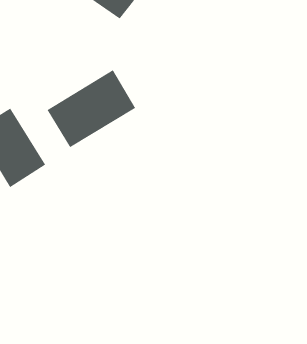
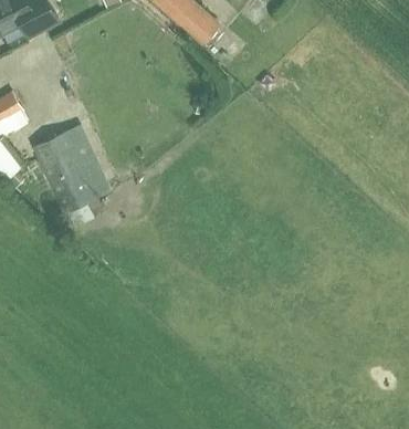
building: [46,69,136,148] -> none

